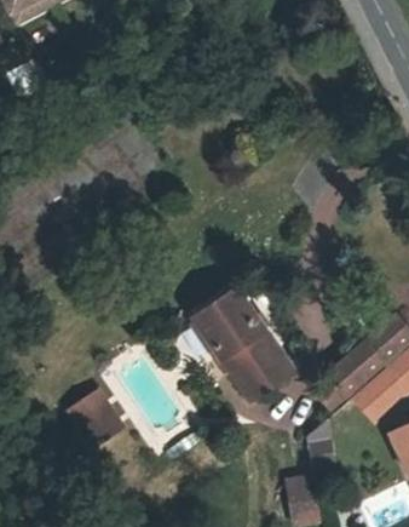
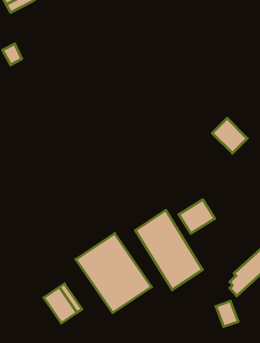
building: none -> [179,200,215,233]
building: none -> [76,233,152,313]

